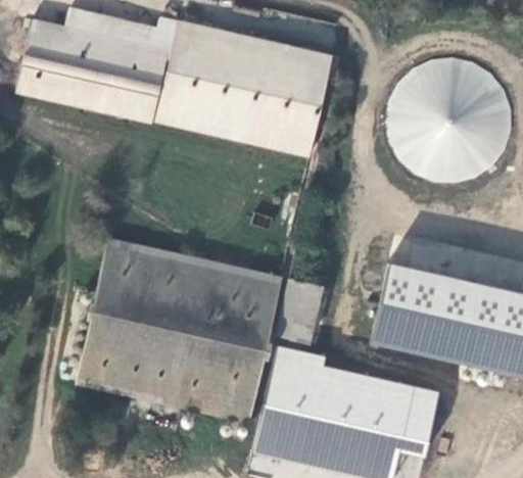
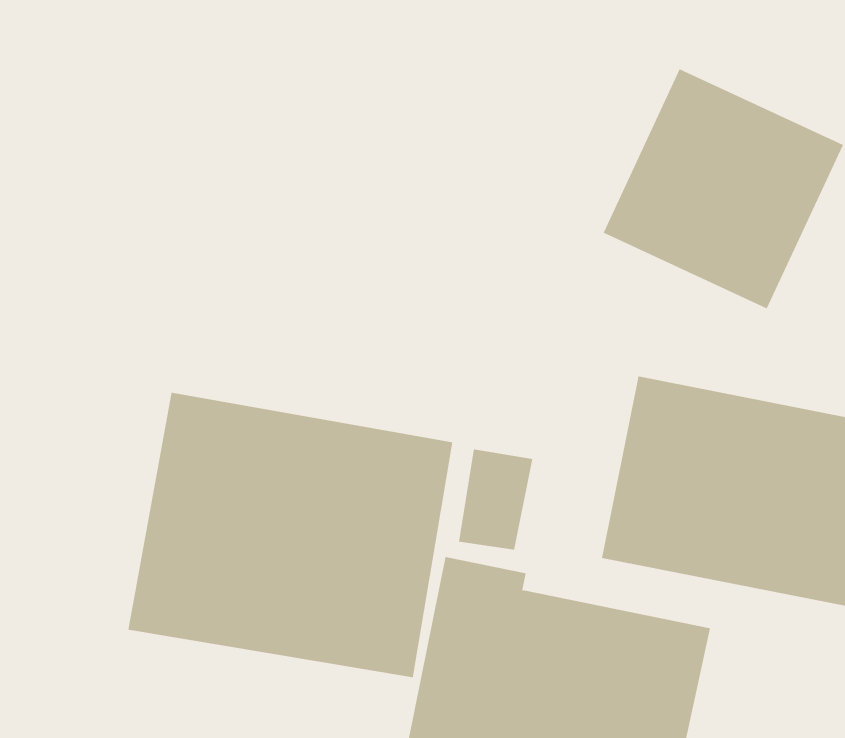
building: [16,12,165,118] -> none
building: [159,19,330,147] -> none

